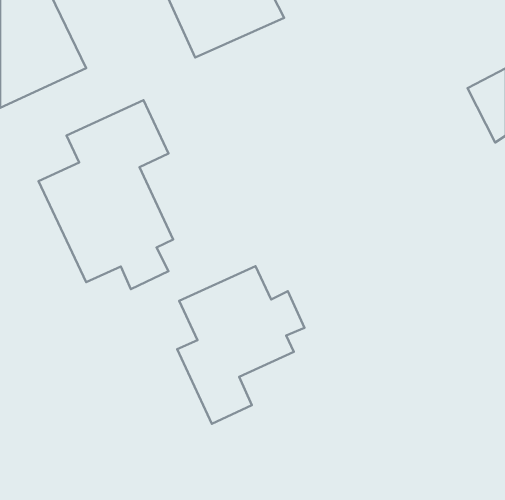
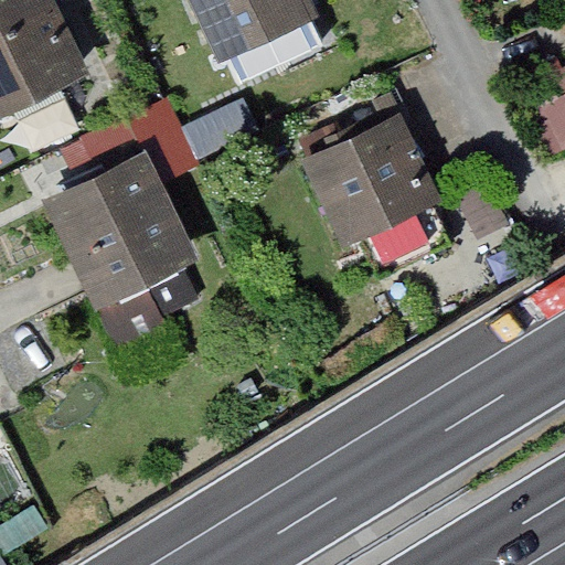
building: none -> [301,114,444,252]
building: [177,266,305,424] -> none

